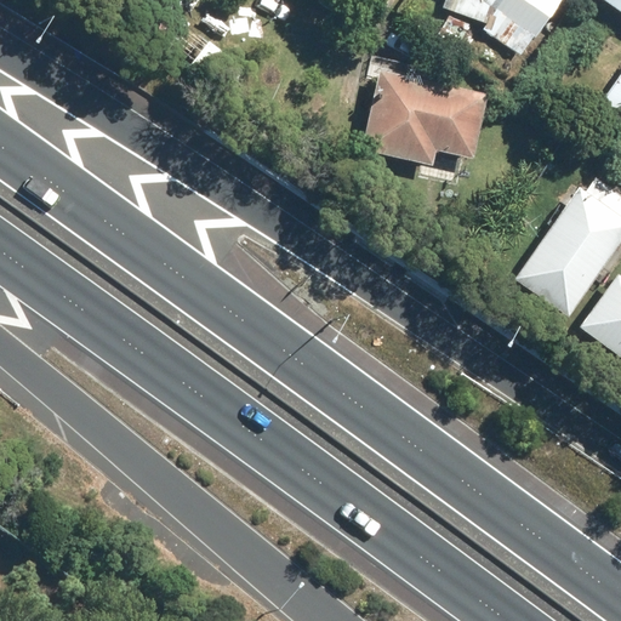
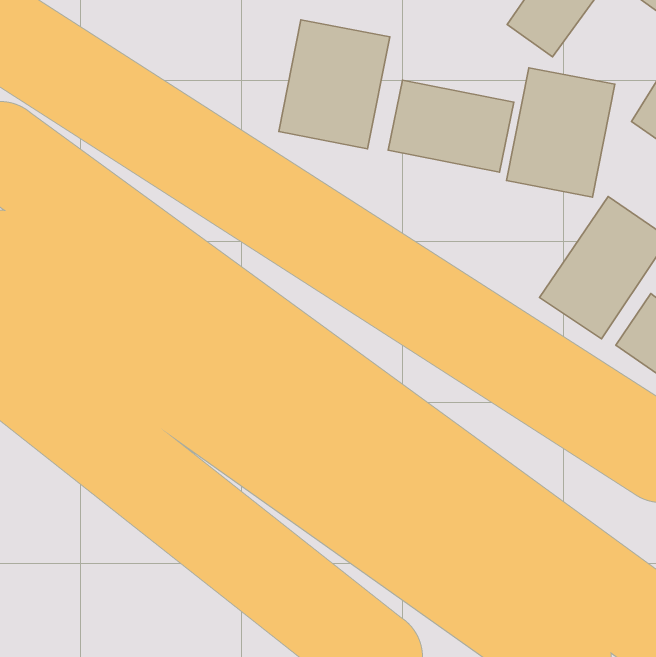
building: none -> [279,20,390,149]
building: none -> [507,68,615,197]

